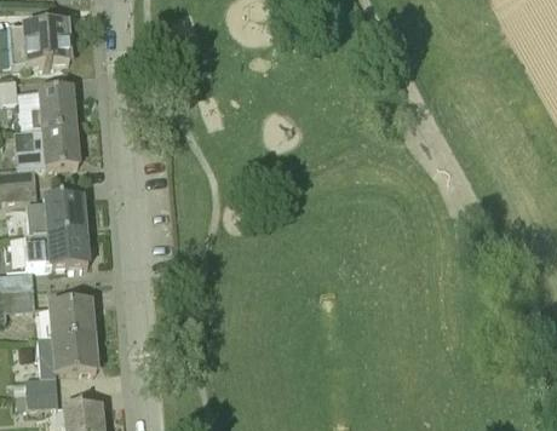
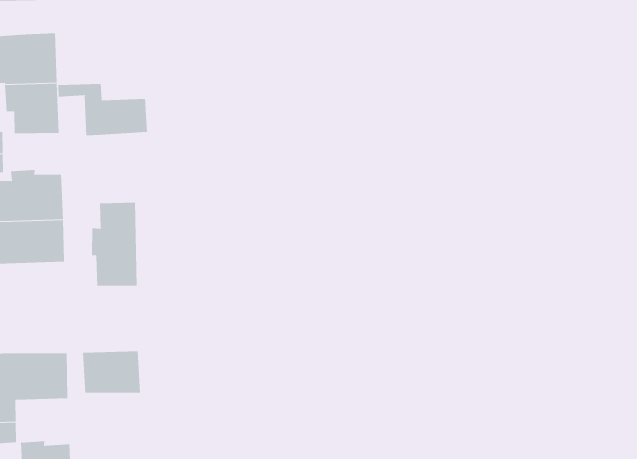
building: none -> [58,83,147,136]
building: none -> [92,202,137,287]
building: [48,300,96,335] -> [82,351,141,393]

